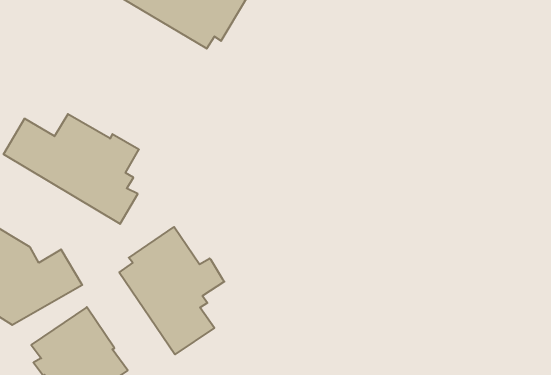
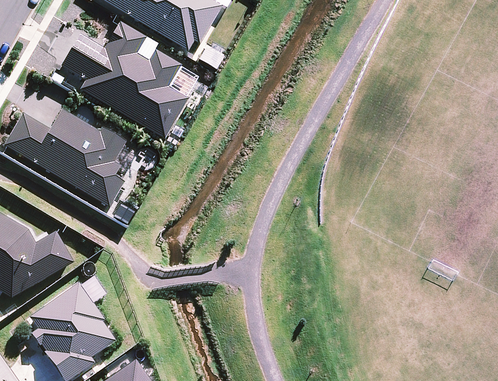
building: none -> [61,22,189,139]
building: [119,227,224,354] -> none

